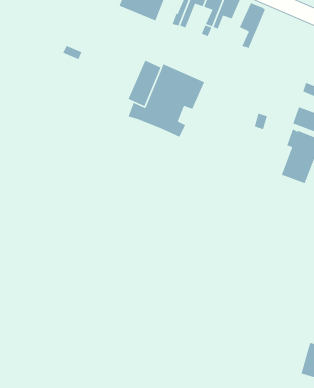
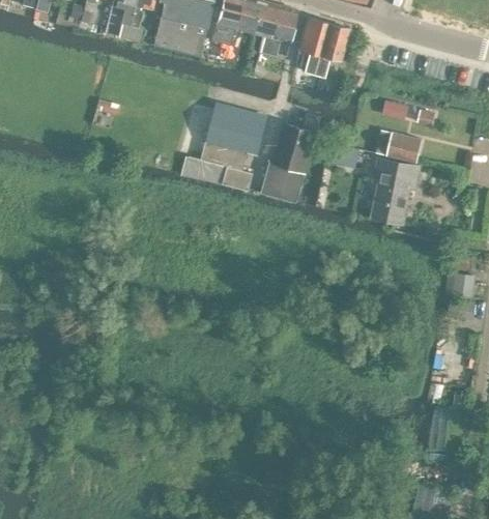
building: none -> [309,23,347,90]
building: none -> [261,114,321,203]

